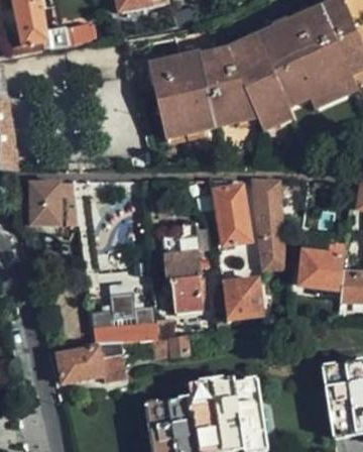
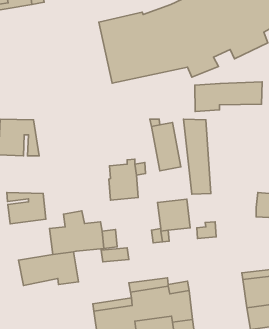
building: none -> [195,82,262,112]
building: [298,237,346,288] -> none
building: none -> [7,192,46,224]
building: [171,275,203,313] -> none

